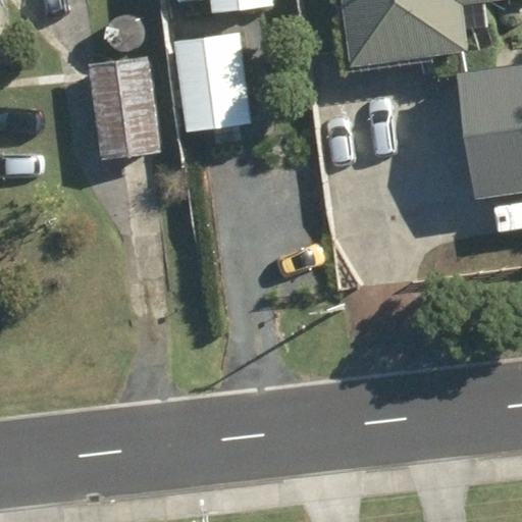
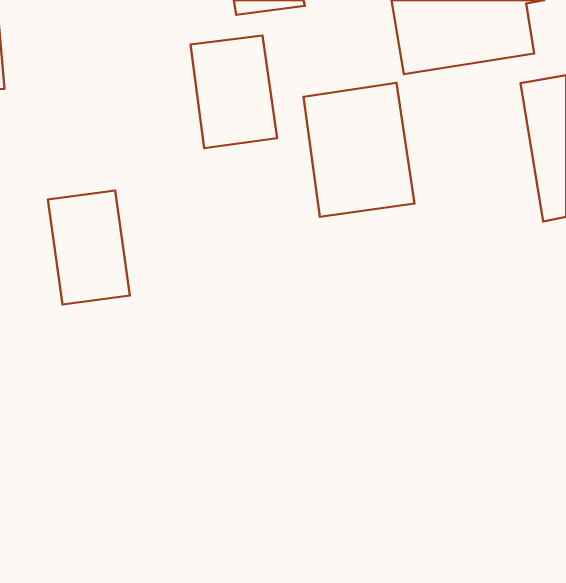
building: [86,58,159,160] -> [48,190,130,304]
building: none -> [304,83,415,217]

